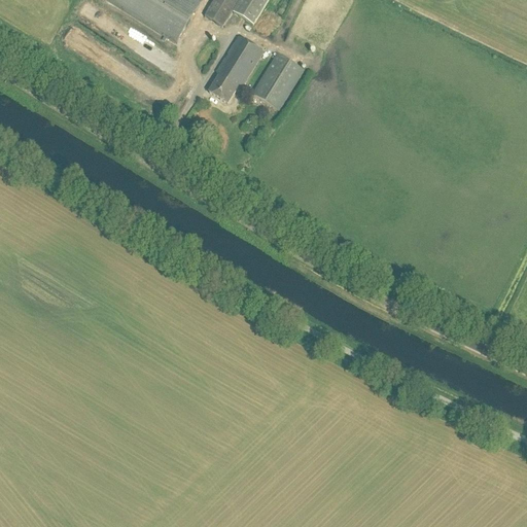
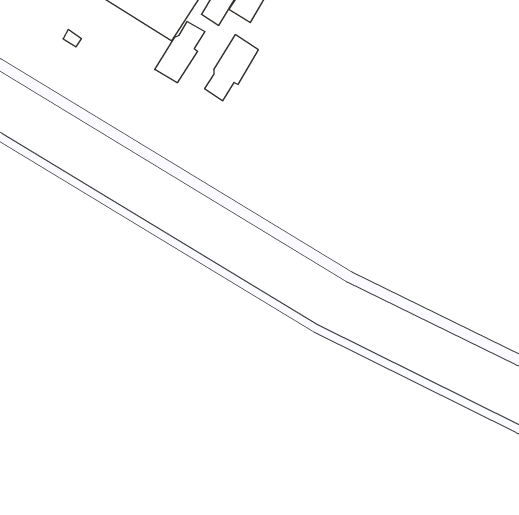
building: none -> [155,21,205,83]
building: [251,52,304,109] -> none

